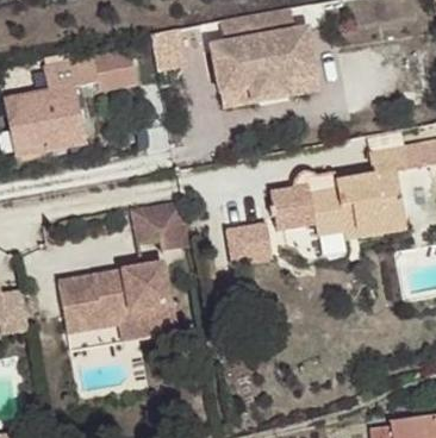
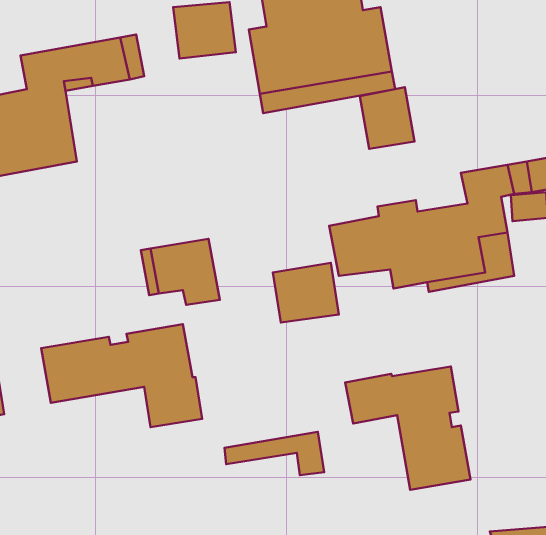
building: none -> [360,87,414,149]
building: none -> [345,367,471,490]
building: [64,309,138,342] -> [224,432,324,475]

